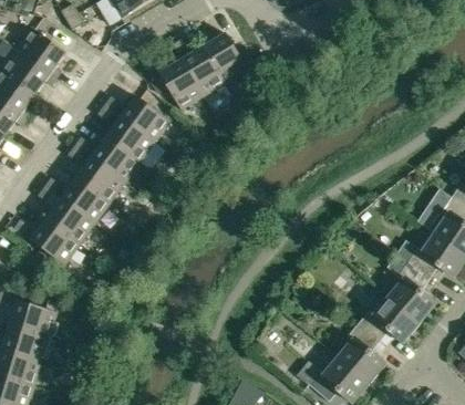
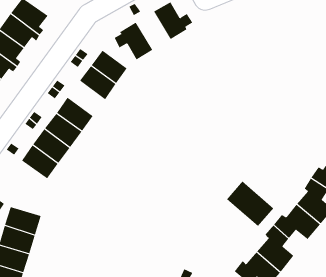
building: [179,45,224,95] -> none
building: [90,135,140,181] -> none
building: none -> [226,181,274,227]

